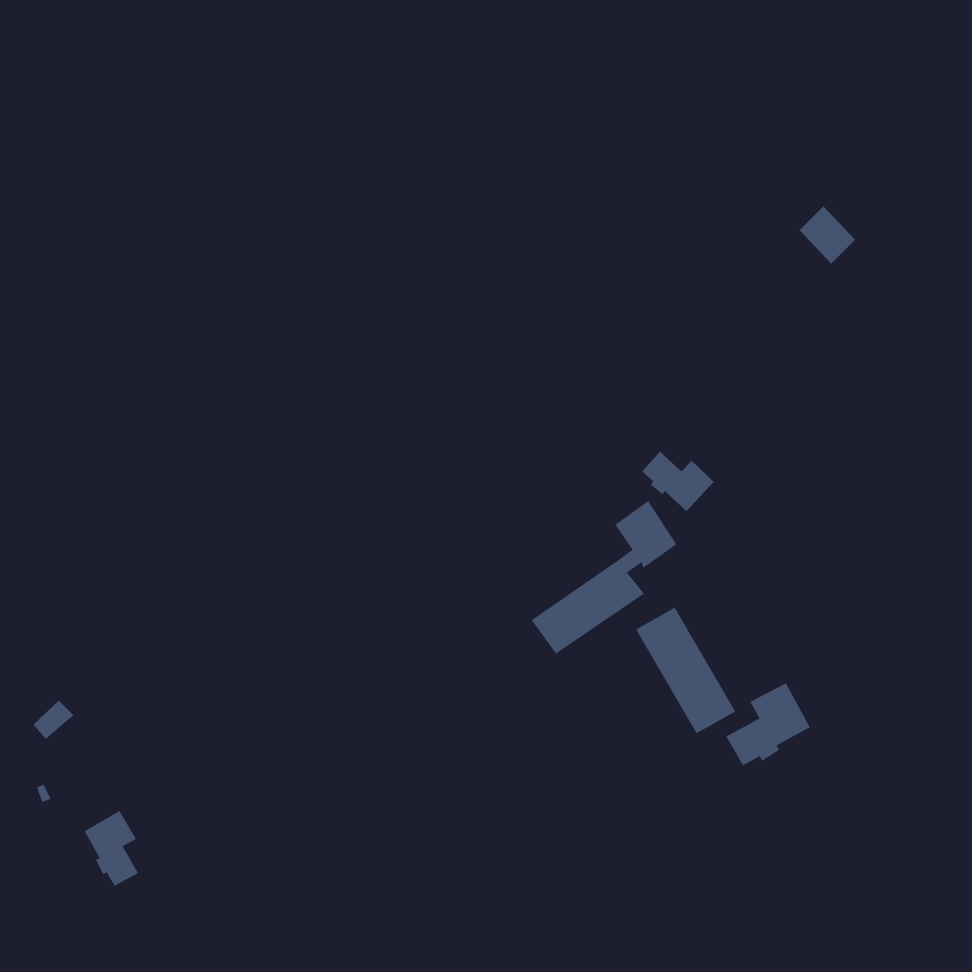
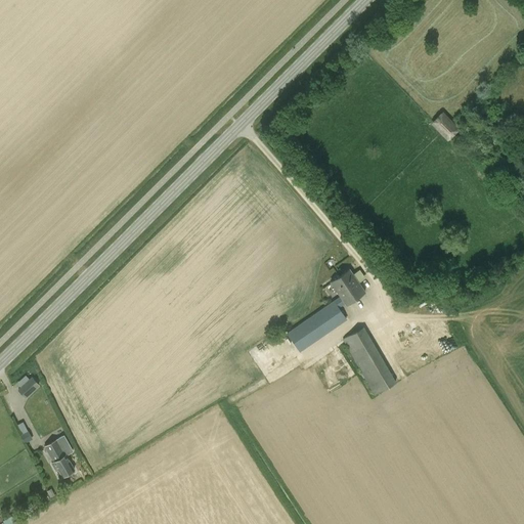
building: [642,451,715,512] -> none
building: [725,683,811,766] -> none

